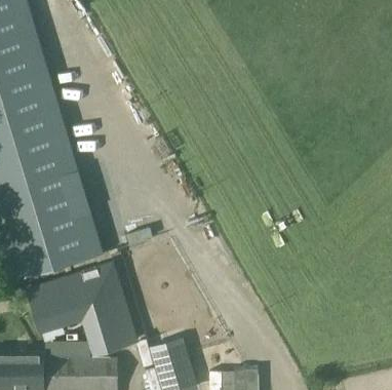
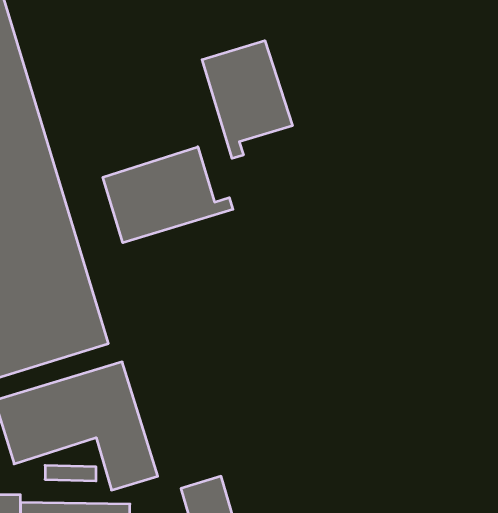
building: none -> [202,41,292,158]
building: none -> [103,147,233,243]

